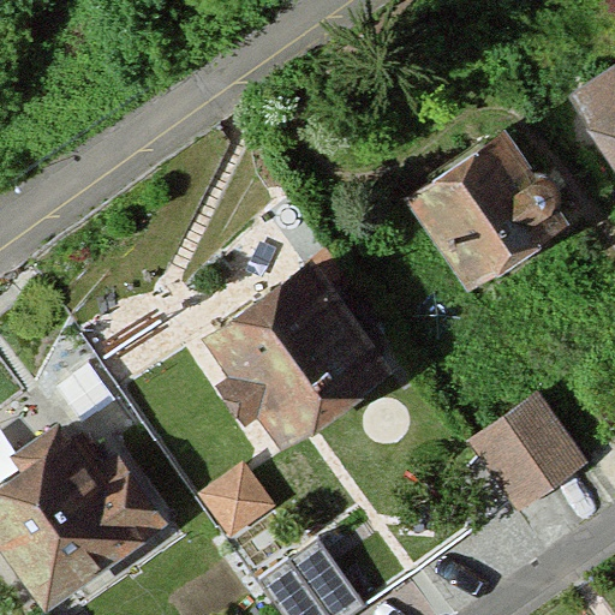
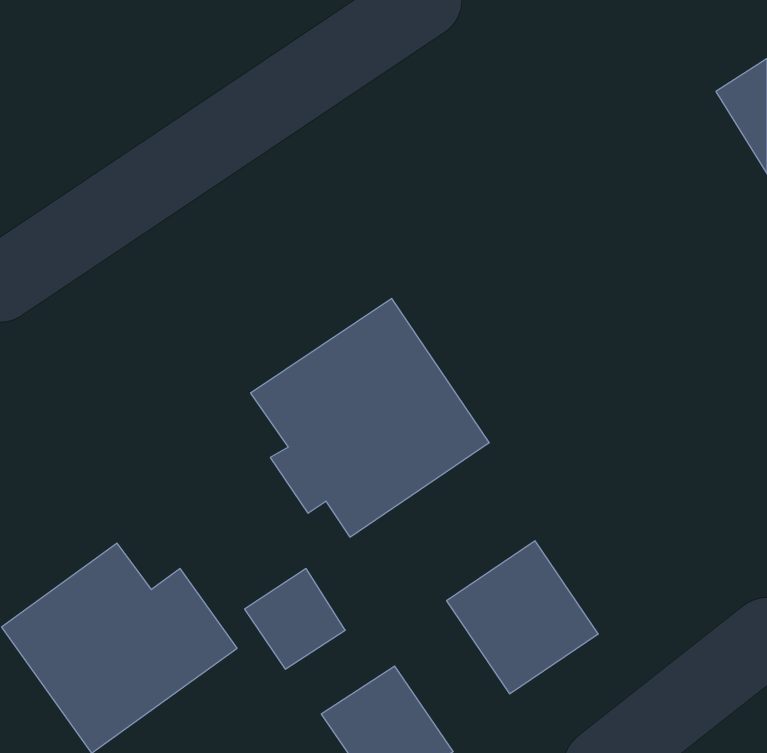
building: [407,129,569,291] -> none
building: [461,393,583,515] -> [447,541,598,694]

